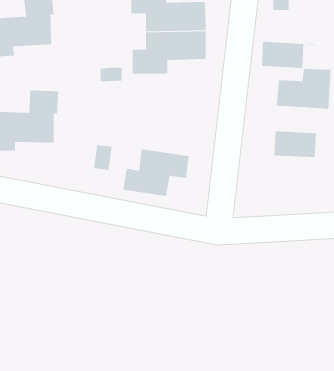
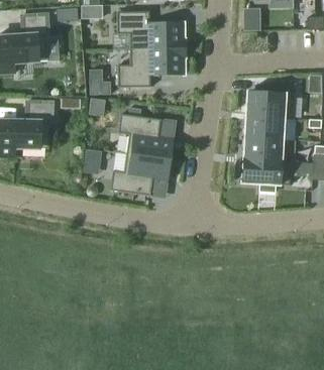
building: [261,41,316,68] -> [246,114,295,138]
building: none -> [119,113,174,158]
building: none -> [243,158,292,191]

